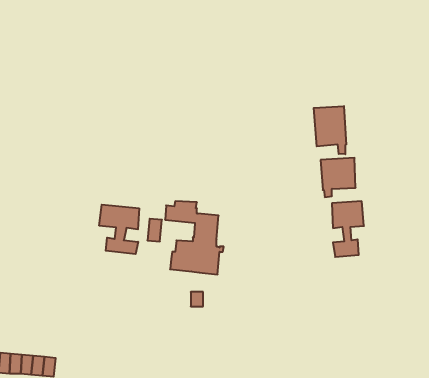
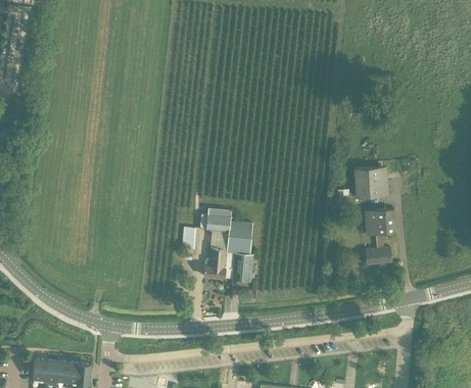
building: [314,106,346,154] -> none
building: [99,205,139,254] -> none

